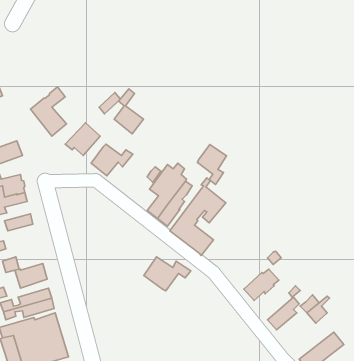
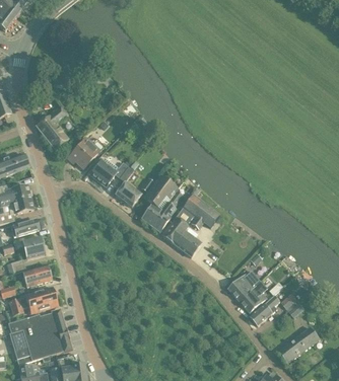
building: [114,89,143,134] -> [115,166,141,207]
building: [197,145,226,185] -> none
building: none -> [13,236,44,257]
building: [144,257,191,291] -> none
building: none -> [238,285,267,311]

